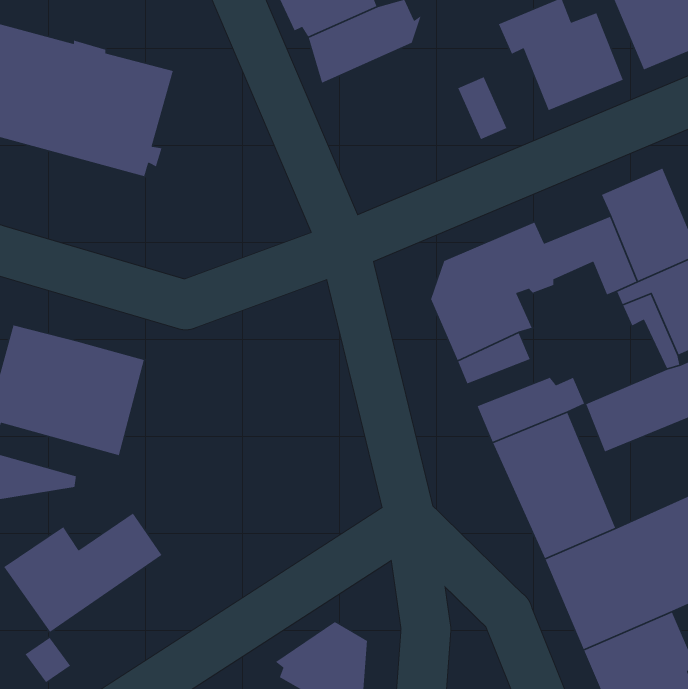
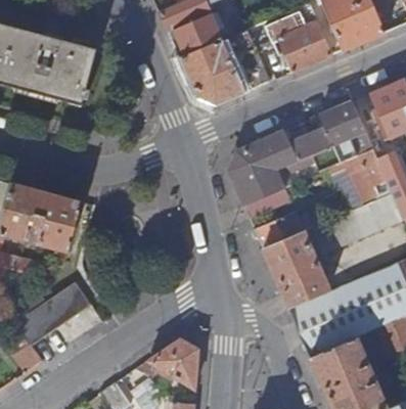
building: none -> [169,29,243,105]

